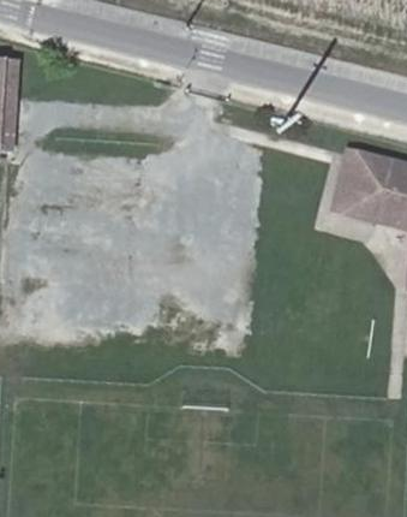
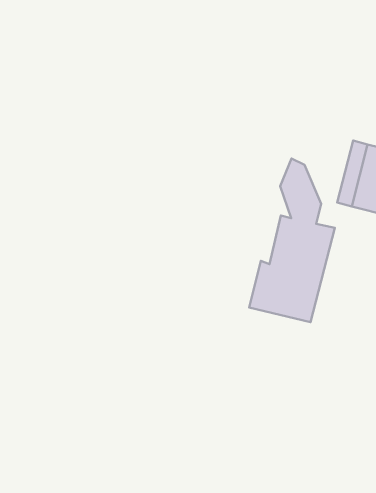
building: none -> [249,159,335,322]

